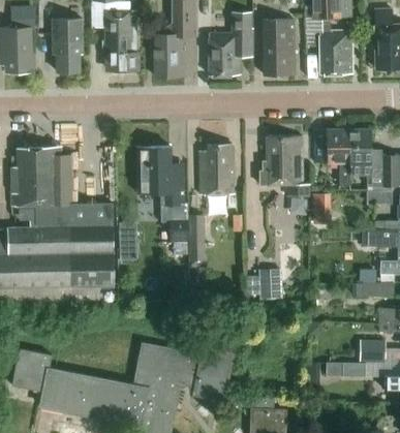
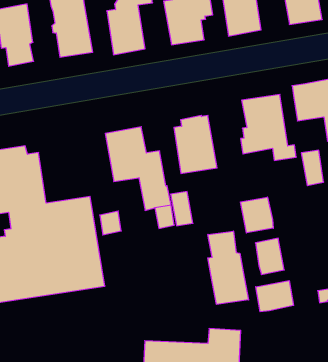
building: none -> [241,197,273,233]
building: none -> [208,231,249,304]
building: none -> [256,281,294,312]

